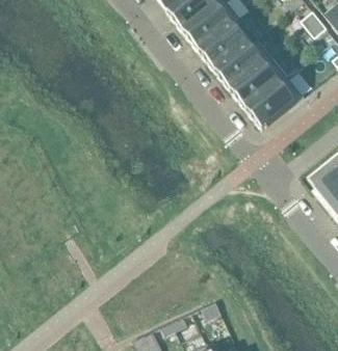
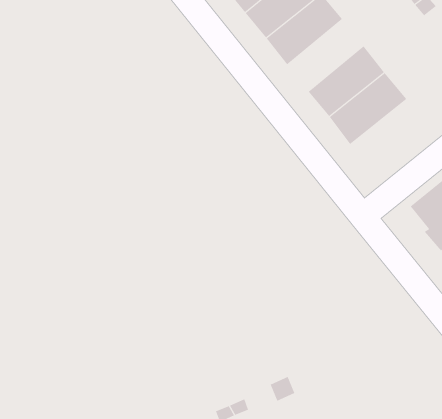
building: [215,37,272,91] -> none

